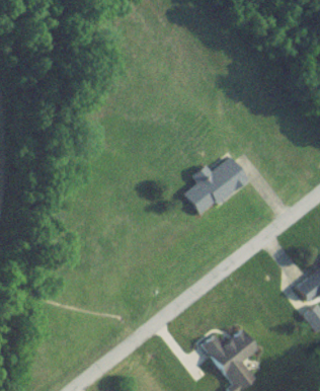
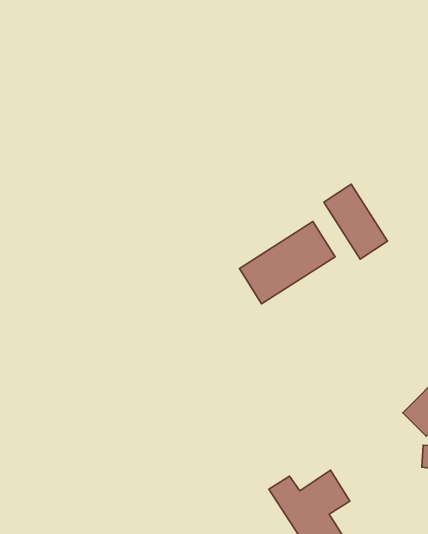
building: none -> [324,184,388,259]

